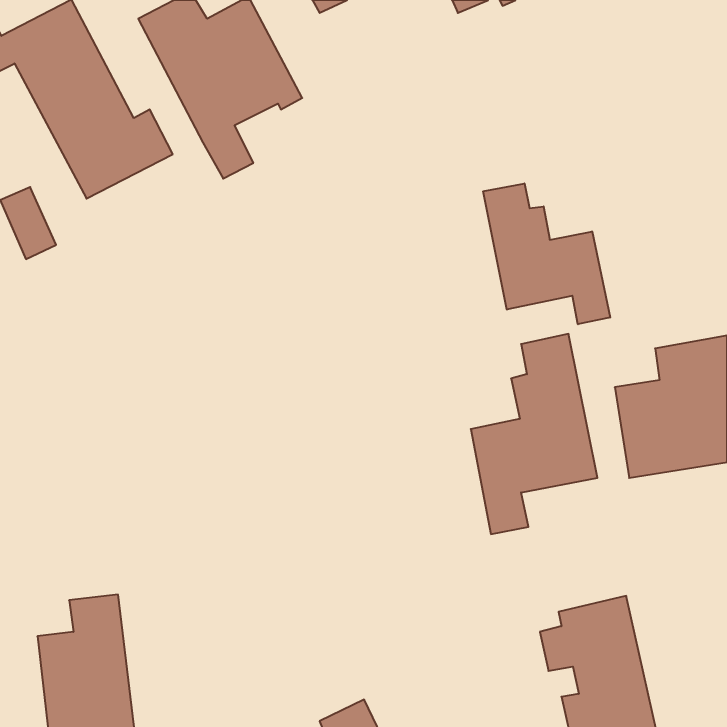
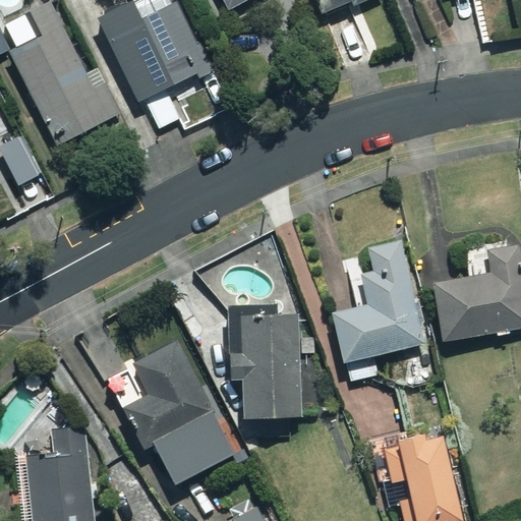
building: [483,183,610,324] -> none
building: none -> [228,301,301,418]
building: none -> [101,341,234,485]

